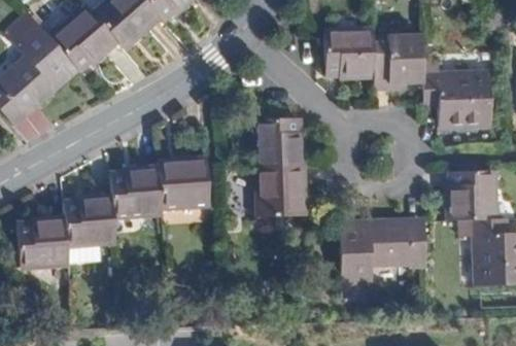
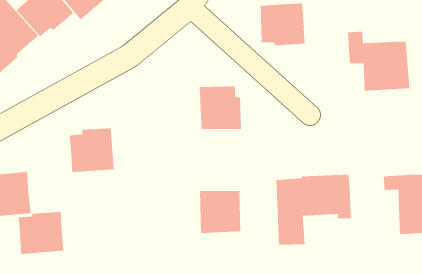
building: [374,34,424,86] -> none
building: [157,161,209,210] -> none
building: [257,171,305,219] -> [199,191,241,233]
building: [449,173,498,224] -> none
building: [61,199,113,247] -> [18,212,64,254]

